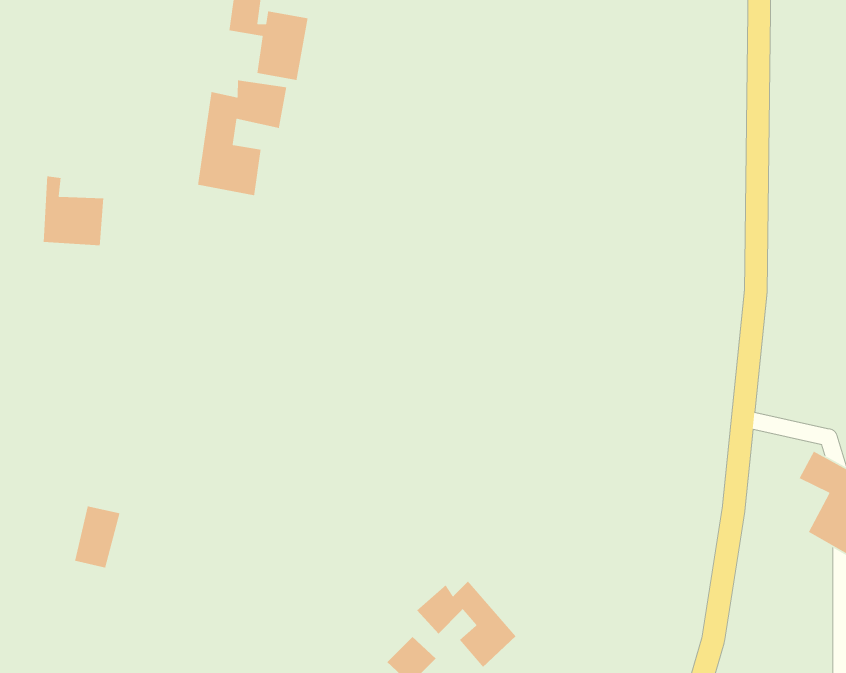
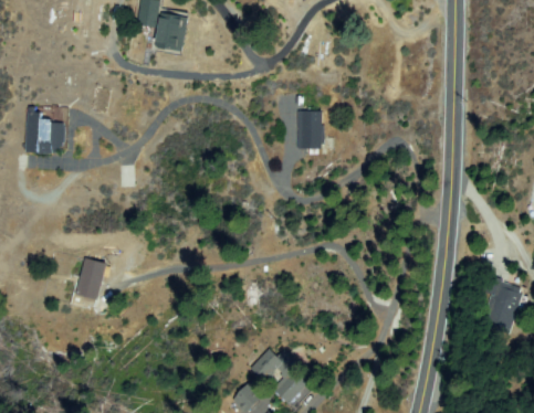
building: [197,80,287,196] -> none
building: none -> [300,113,320,150]
building: [74,505,121,569] -> [76,262,104,299]

